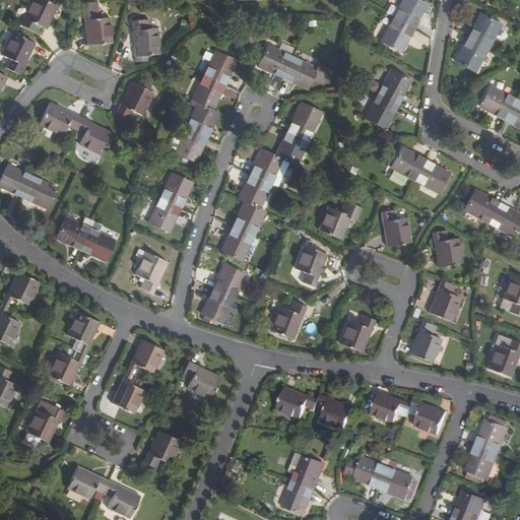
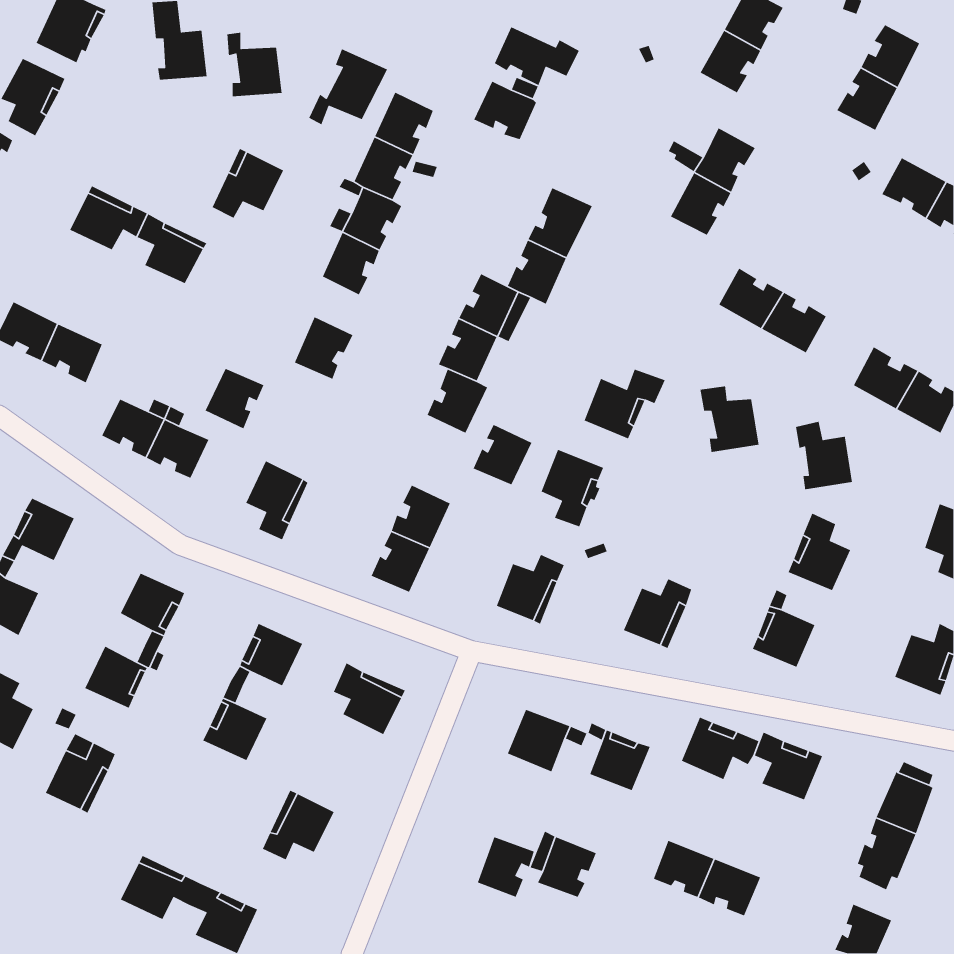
building: none -> [308,48,388,125]
building: [282,56,329,88] -> [494,26,580,86]
building: [148,197,181,231] -> [205,368,265,430]
building: [220,225,253,259] -> [473,424,532,486]
building: [282,479,314,513] -> [477,836,535,898]

